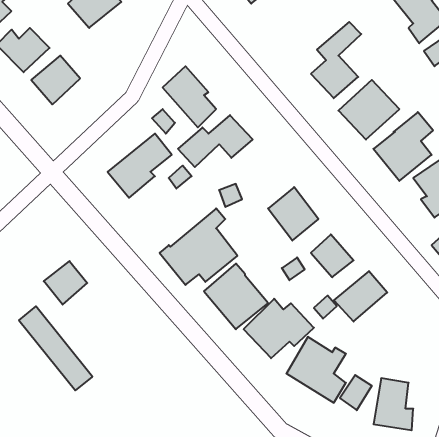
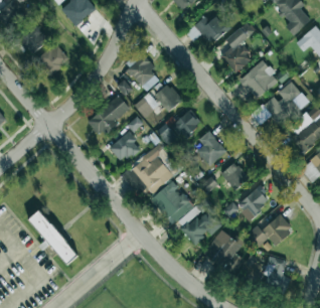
building: none -> [186,14,229,44]
building: none -> [172,110,201,138]
building: none -> [109,132,140,163]
building: [44,261,87,305] -> none
building: none -> [247,214,293,248]

